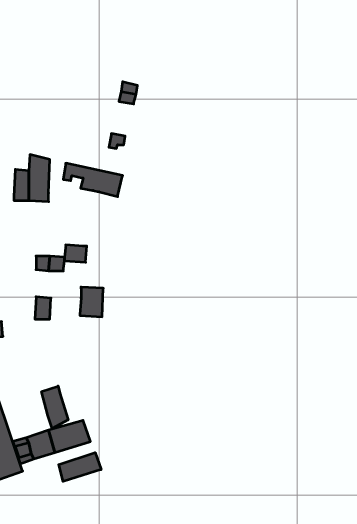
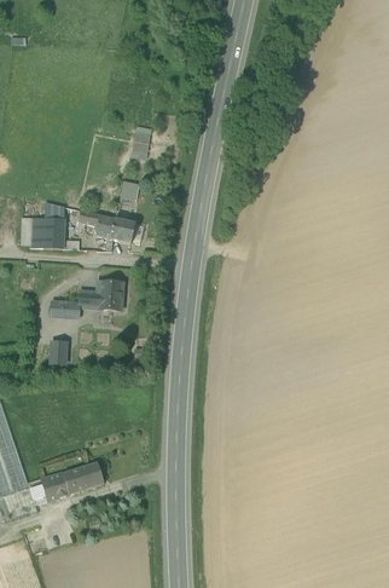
building: [80,287,103,317] -> [99,281,122,310]
building: [42,386,68,428] -> none
building: [59,453,101,481] -> none

